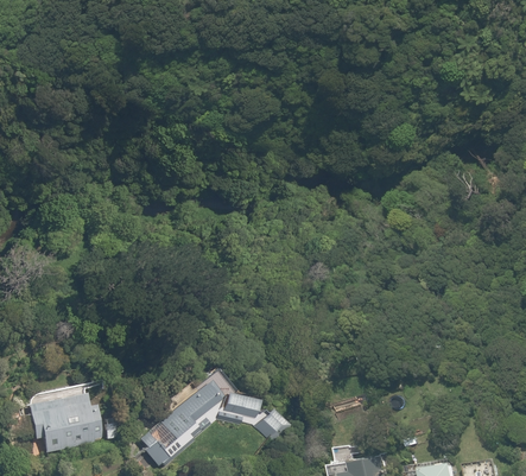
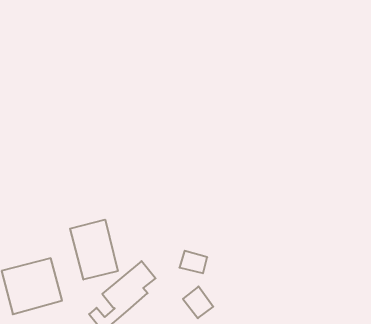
building: none -> [70,220,118,280]
building: [223,389,256,415] -> [179,251,207,273]

